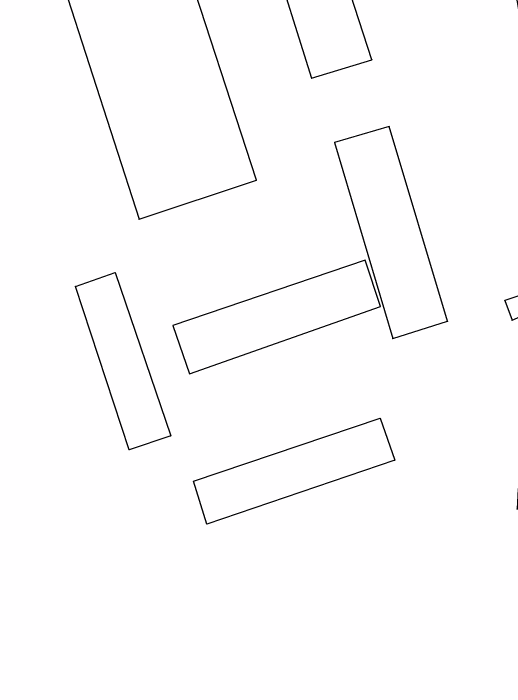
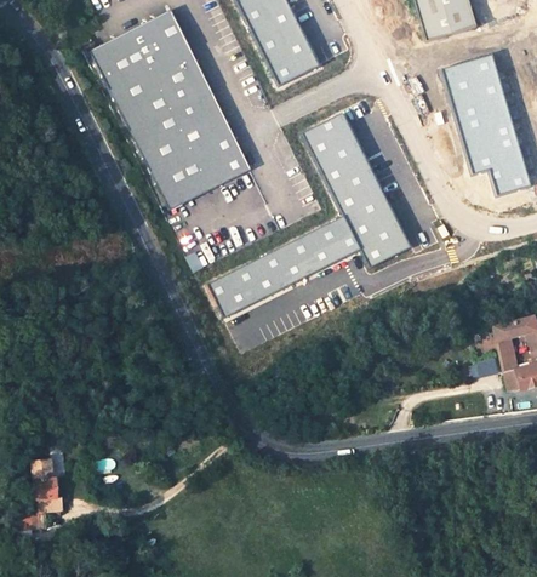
building: [75,273,171,450] -> none
building: [193,418,395,524] -> none

